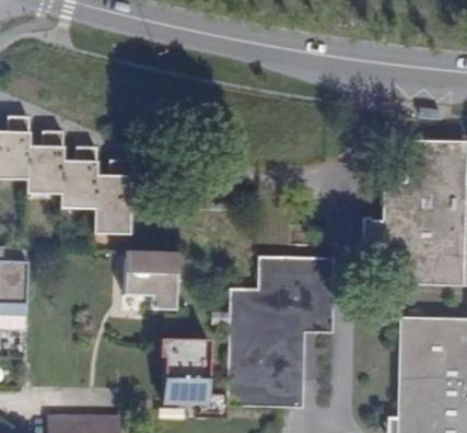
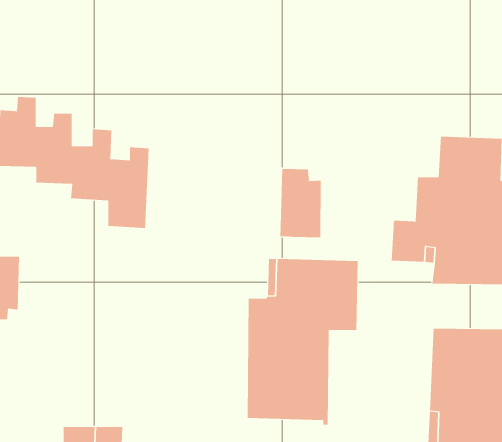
building: none -> [280,168,321,238]
building: [121,249,173,309] -> none
building: [159,339,208,399] -> none

